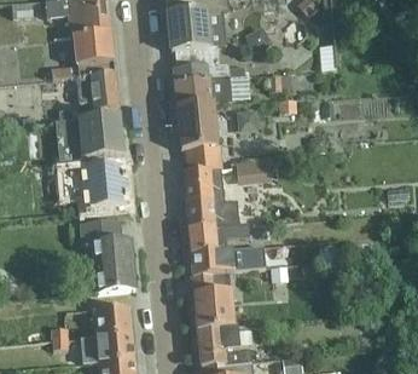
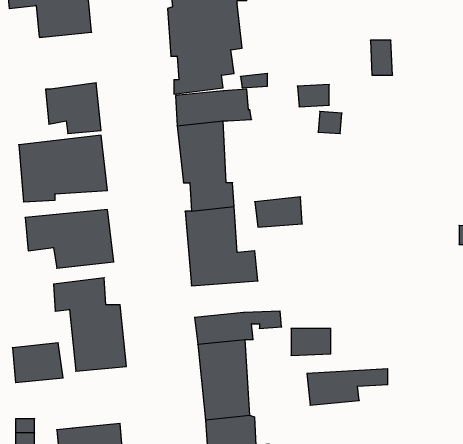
building: [51,34,115,77] -> none
building: [187,224,249,252] -> [307,369,388,405]
building: [94,306,133,336] -> [12,343,63,383]

